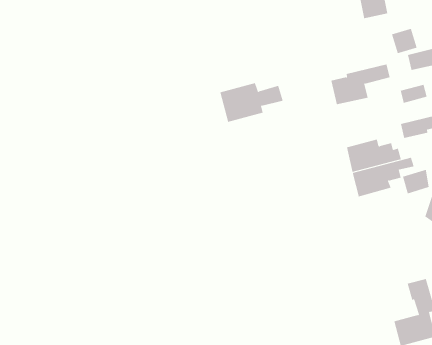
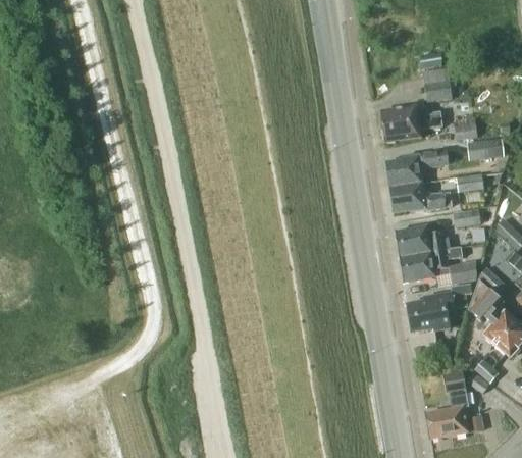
building: [219,83,283,122] -> [379,104,443,142]
building: none -> [389,182,452,211]
building: none -> [408,283,471,330]

